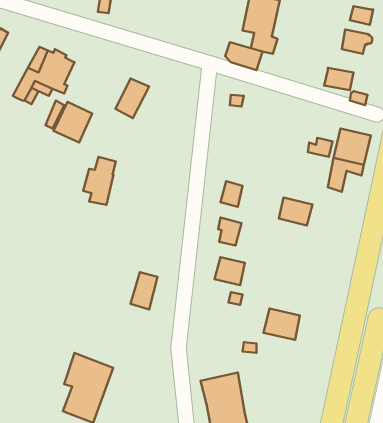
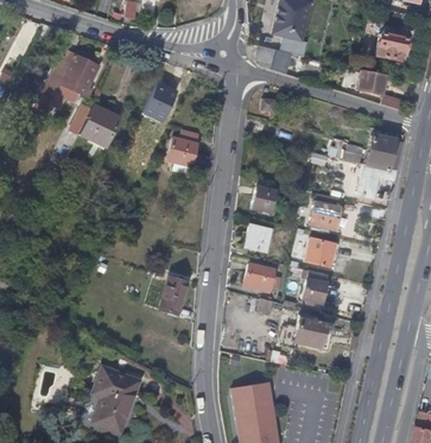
building: [83,157,116,205] -> [166,127,199,176]
building: none -> [304,238,334,267]
building: none -> [302,270,329,304]

